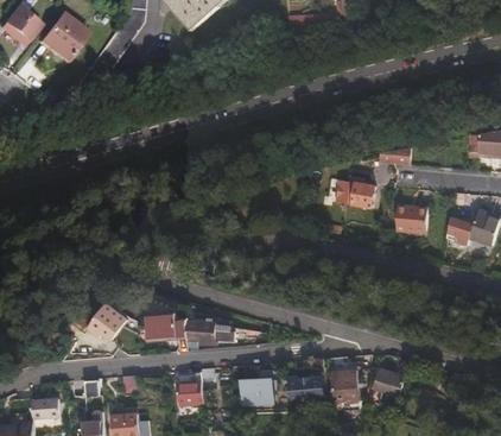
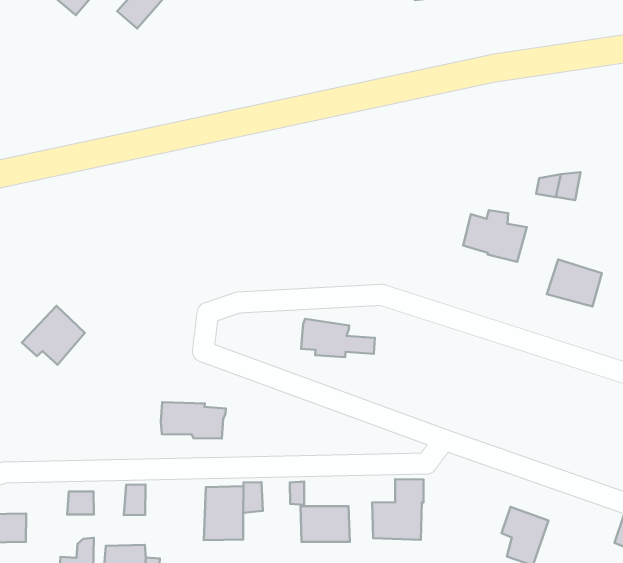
building: [83,302,125,341] -> [22,306,85,365]
building: [184,321,233,345] -> [301,319,375,357]
building: [332,369,361,402] -> none

